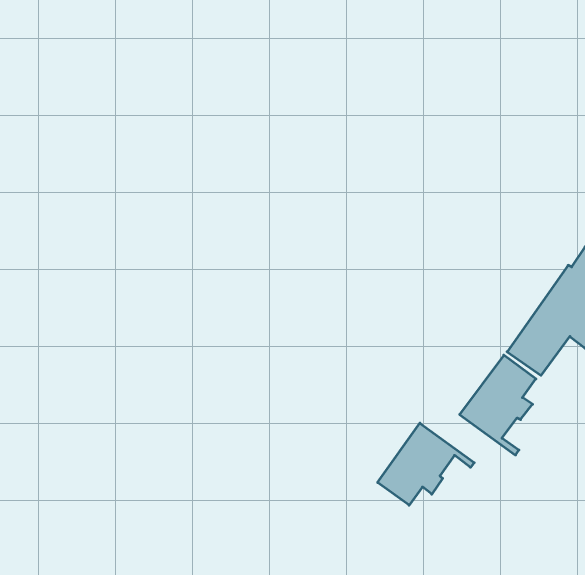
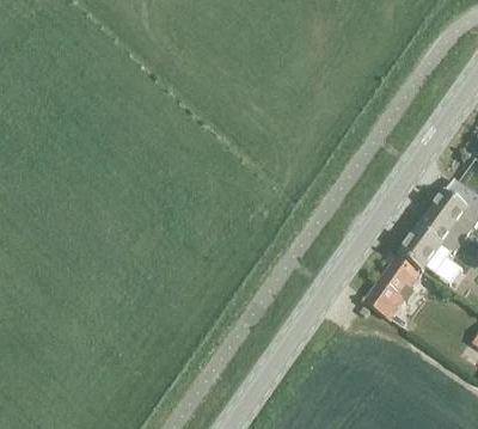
building: [378,423,474,505] -> none

